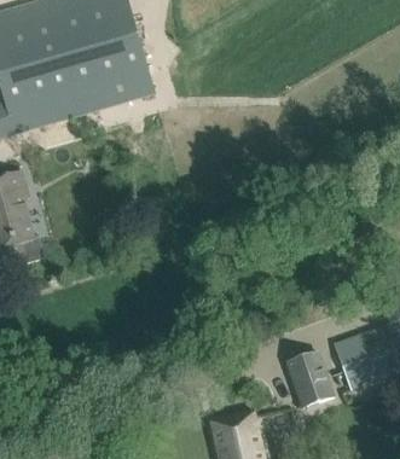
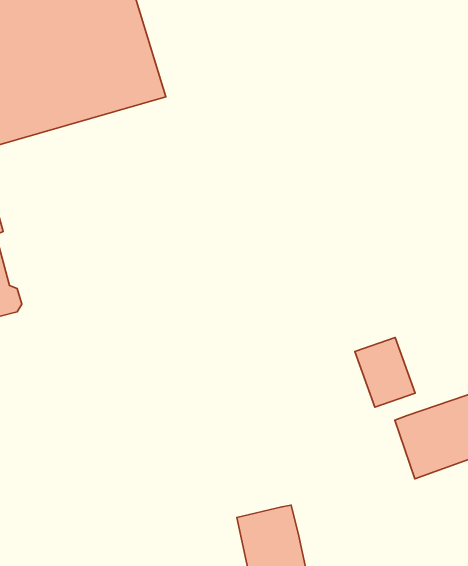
building: [285,351,332,406] -> [355,338,415,407]

